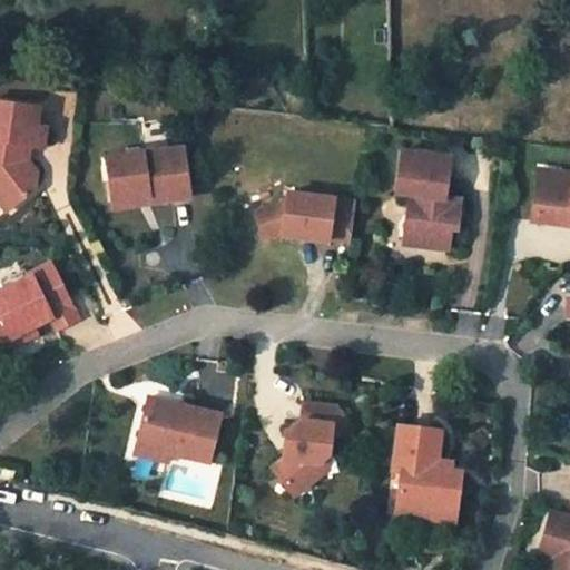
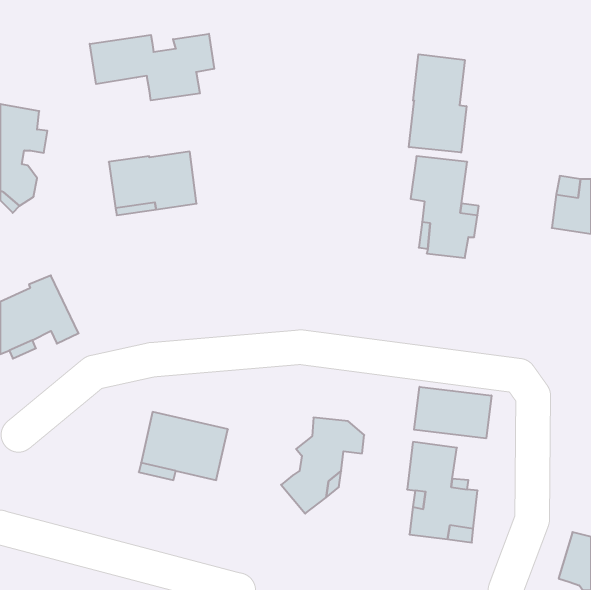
building: none -> [90,34,214,100]
building: none -> [409,54,466,153]
building: [255,191,355,240] -> none
building: none -> [414,387,491,438]

